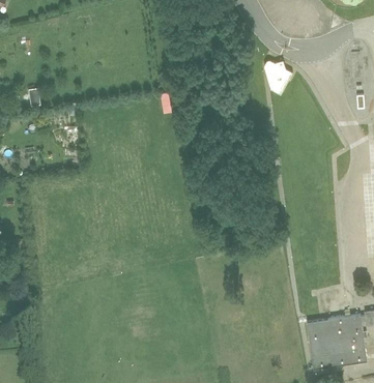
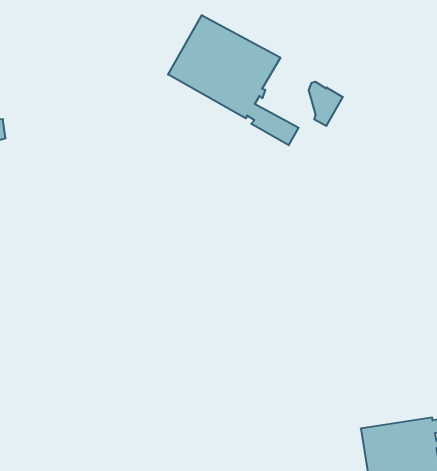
building: none -> [168,15,299,145]

